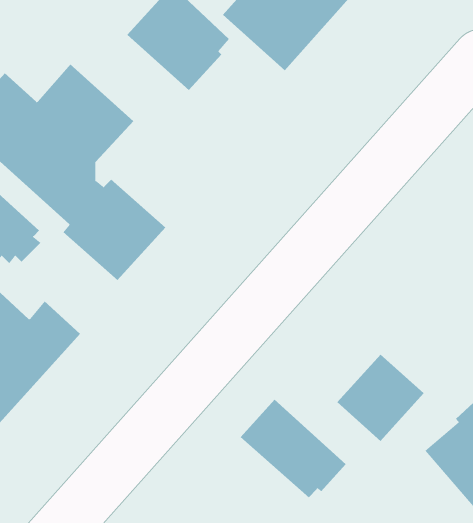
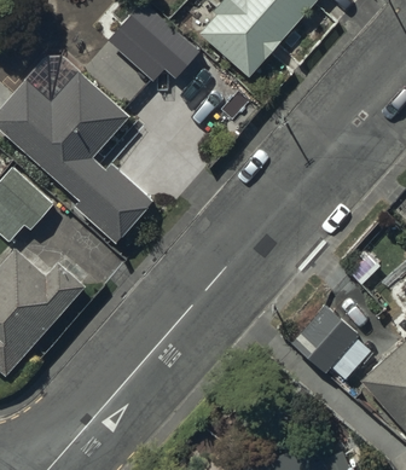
building: [240,399,346,498] -> none

